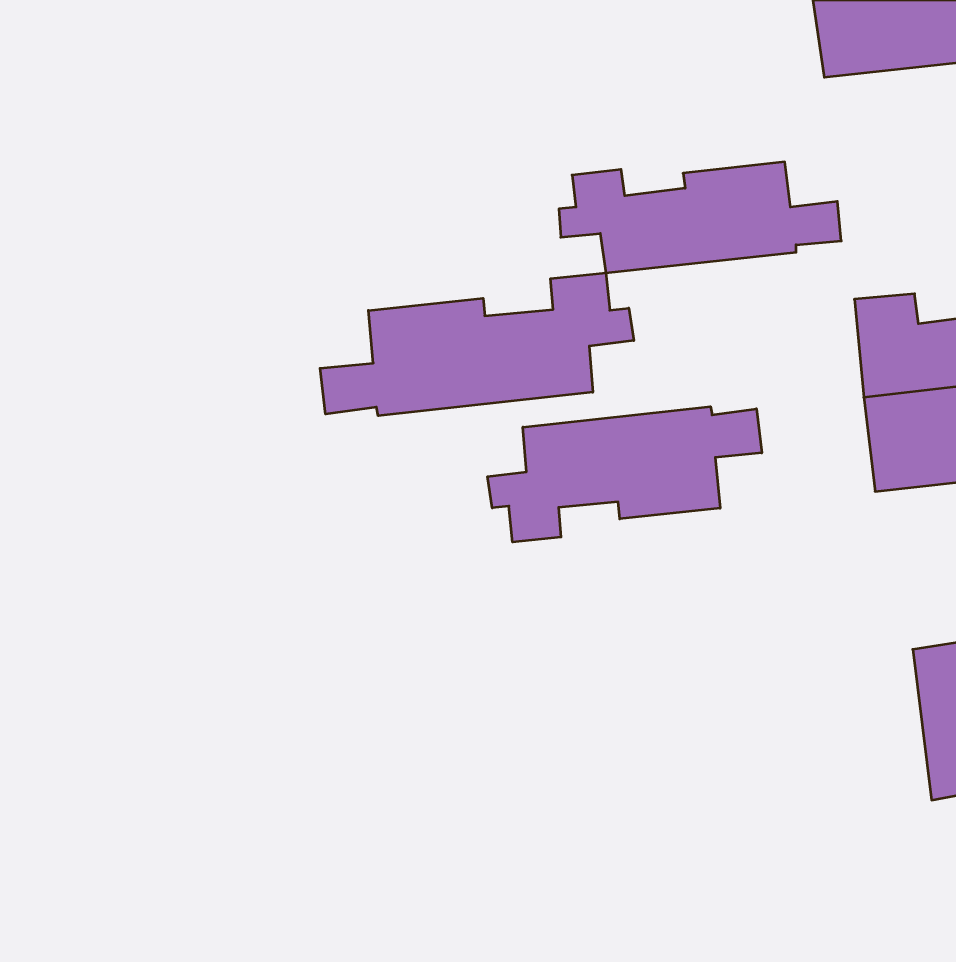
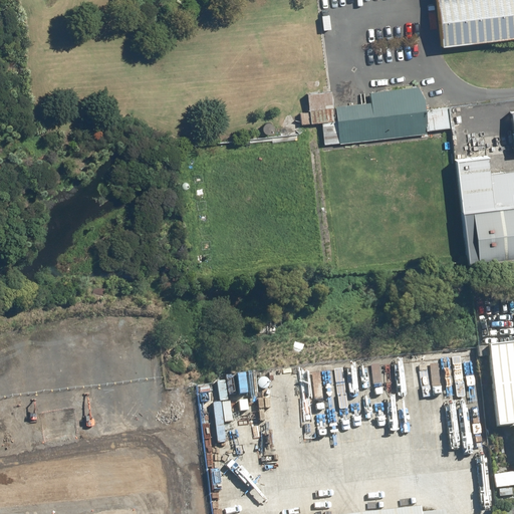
building: [320,273,634,416] -> none
building: [488,407,762,542] -> none

